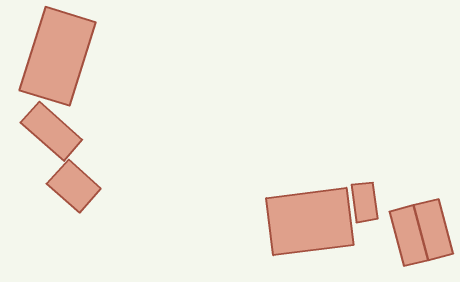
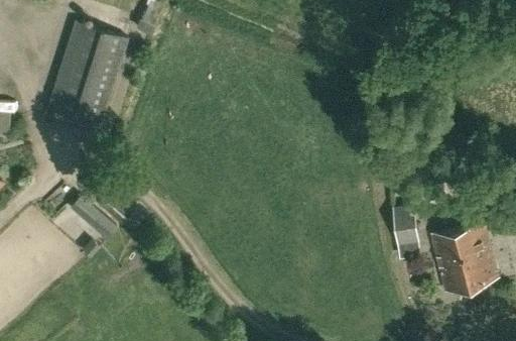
building: [20,102,82,161] -> none
building: [266,188,353,255] -> none

